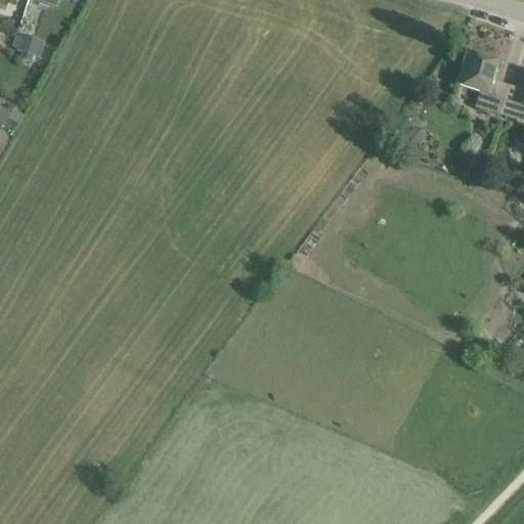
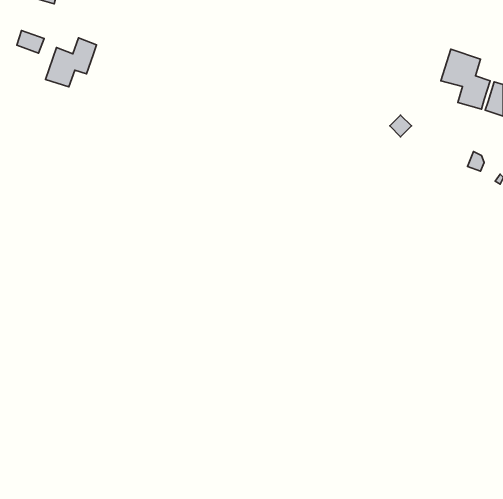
building: none -> [45,38,97,87]

